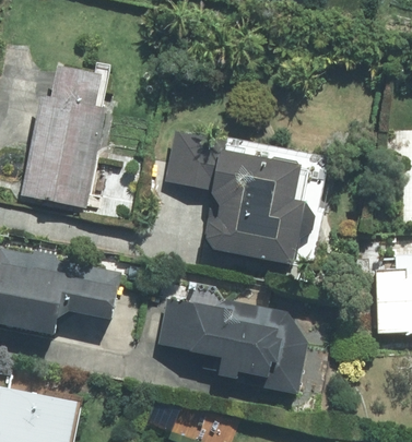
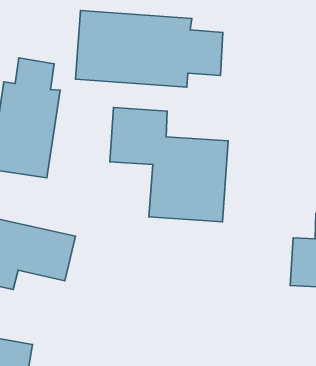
building: none -> [76,11,223,87]
building: [158,297,309,396] -> none

